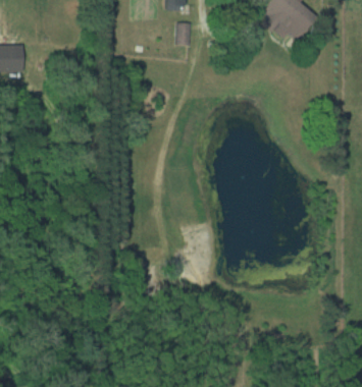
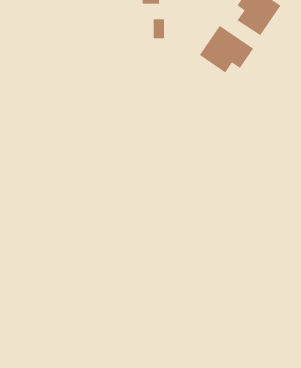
building: none -> [199,25,254,74]

